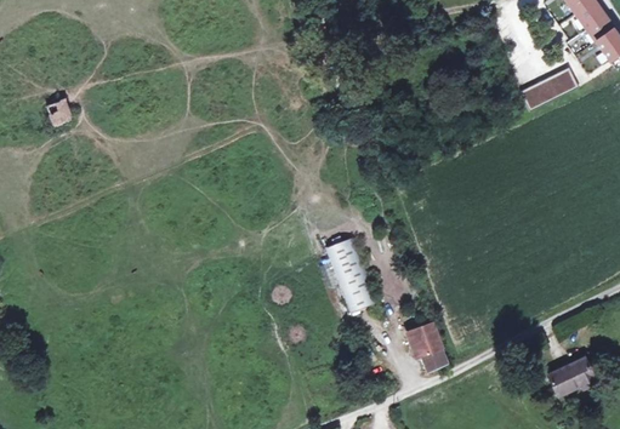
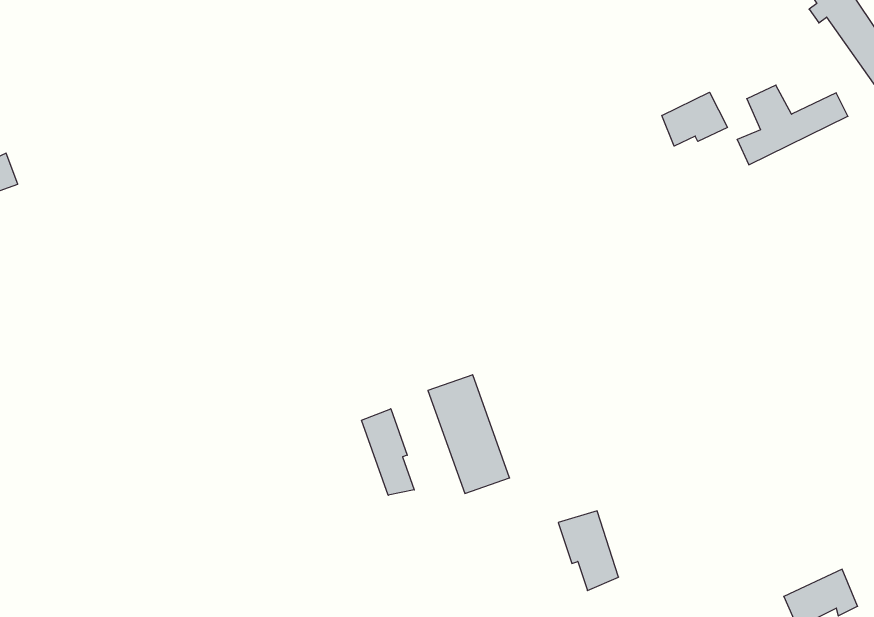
building: none -> [662,92,727,146]
building: none -> [361,409,414,495]

